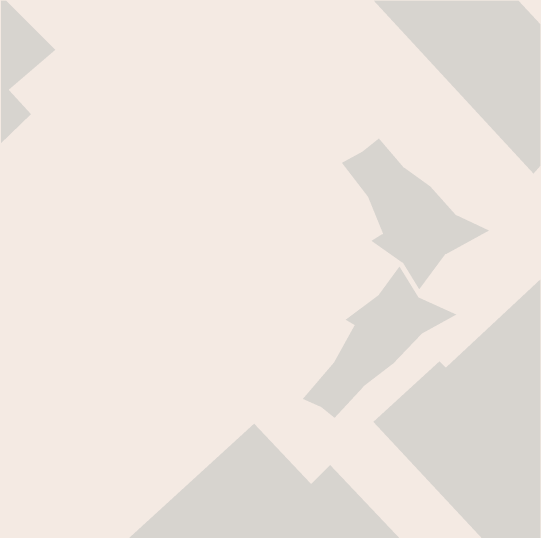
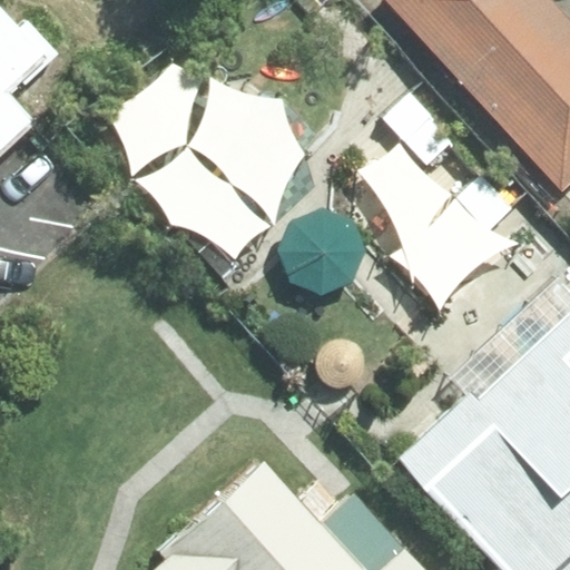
building: none -> [107,68,301,257]
building: [302,265,458,419] -> none

